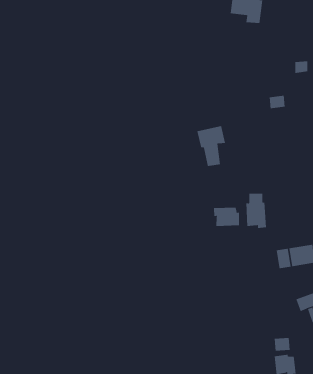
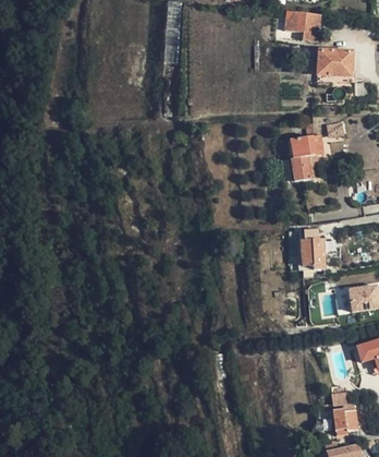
building: none -> [319,50,353,75]
building: [196,125,226,167] -> [286,135,319,181]
building: [213,207,240,227] -> none

